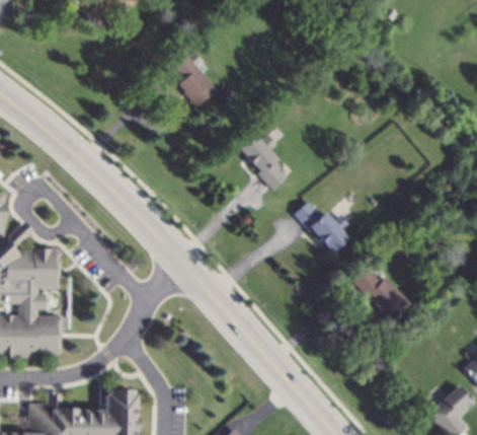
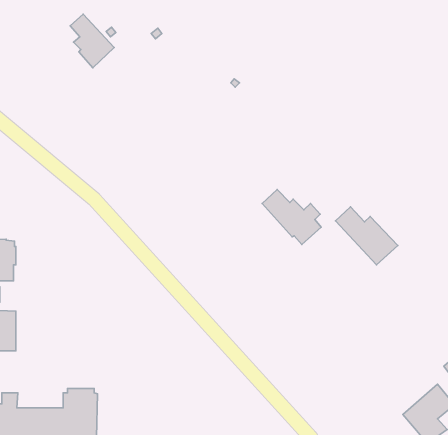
building: [175,57,217,107] -> [70,14,114,68]
building: [238,135,287,191] -> none
building: [352,268,411,322] -> [336,207,398,265]

